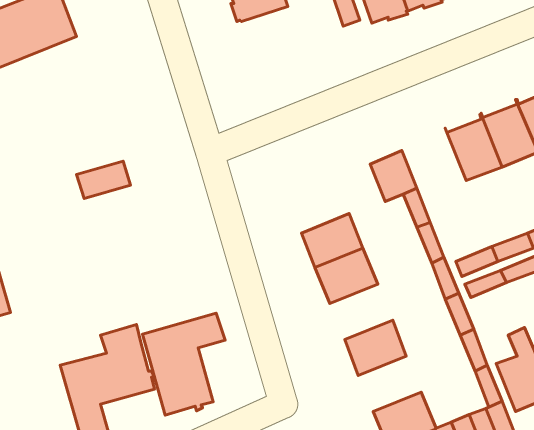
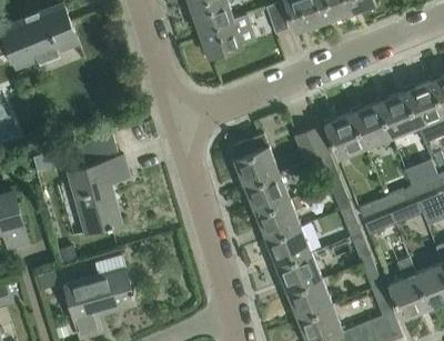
building: none -> [199,19,242,57]
building: none -> [322,109,365,159]
building: none -> [232,132,279,187]
building: none -> [264,224,311,265]
building: [143,313,225,415] -> [68,156,129,231]
building: none -> [285,278,332,319]

